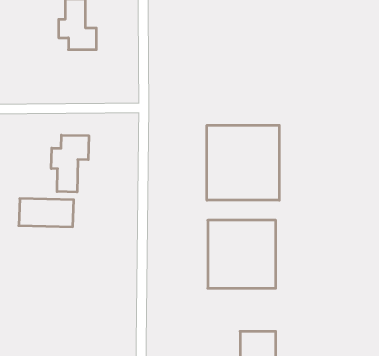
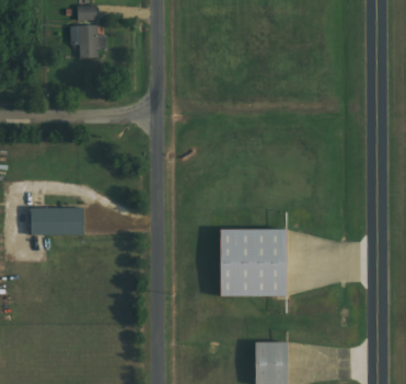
building: [207,125,279,200] -> none
building: [51,135,89,192] -> none

